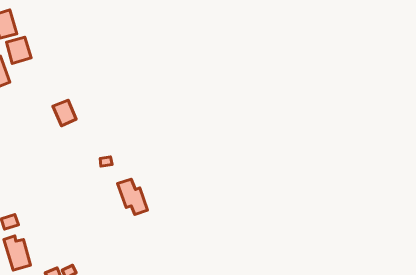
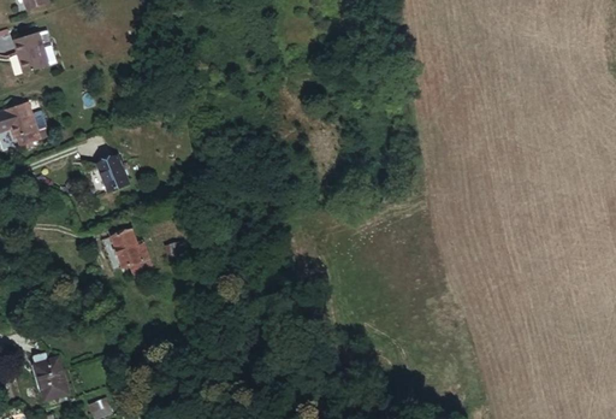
building: [6,37,31,63] -> none
building: [117,179,148,214] -> [113,234,155,283]

